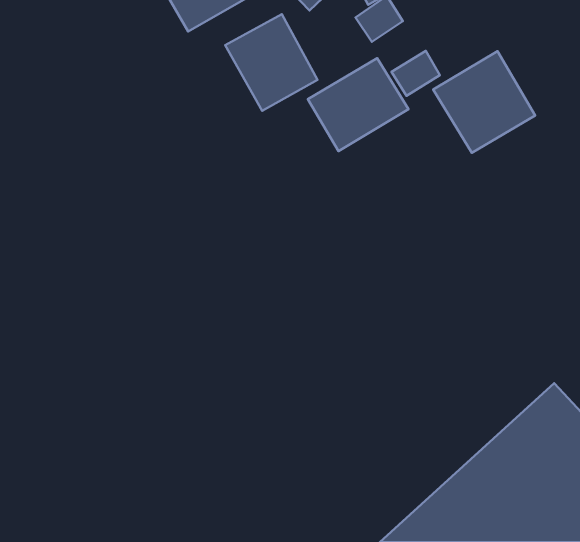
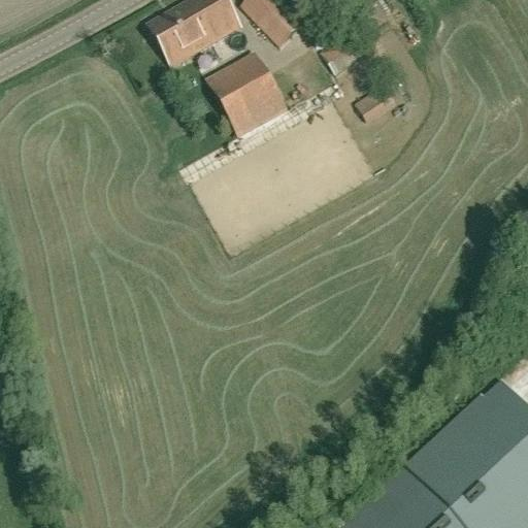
building: [433,51,535,153] -> none
building: [308,58,409,151] -> none

